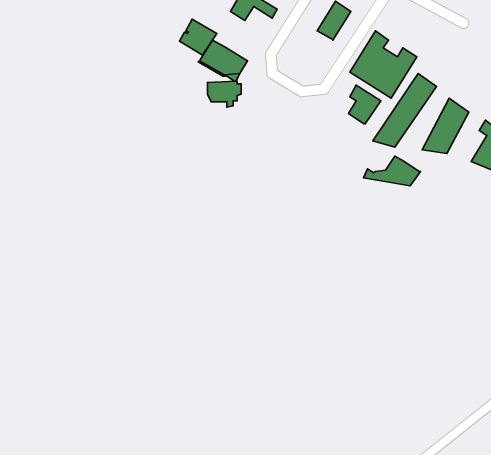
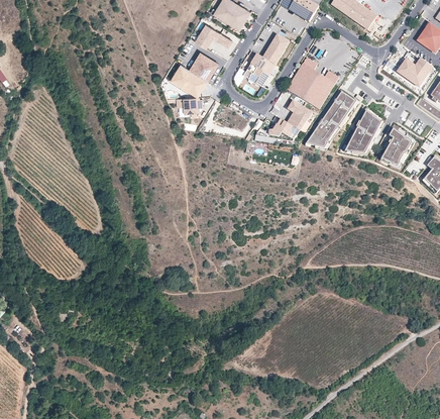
building: [179,19,217,55] -> [189,51,218,80]
building: none -> [242,53,272,86]
building: [364,156,421,186] -> [254,117,299,140]

